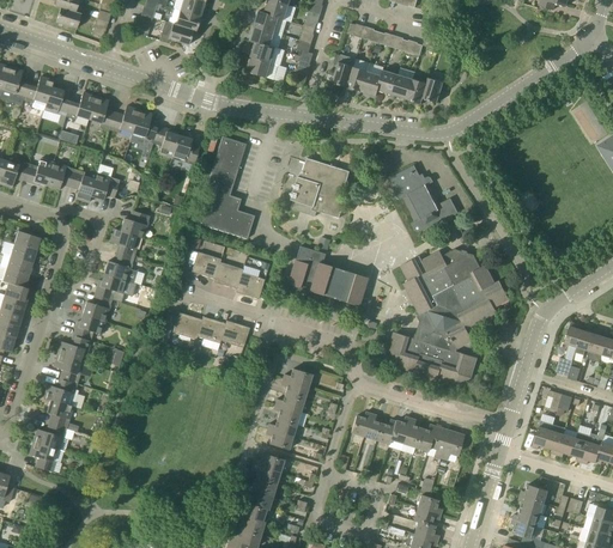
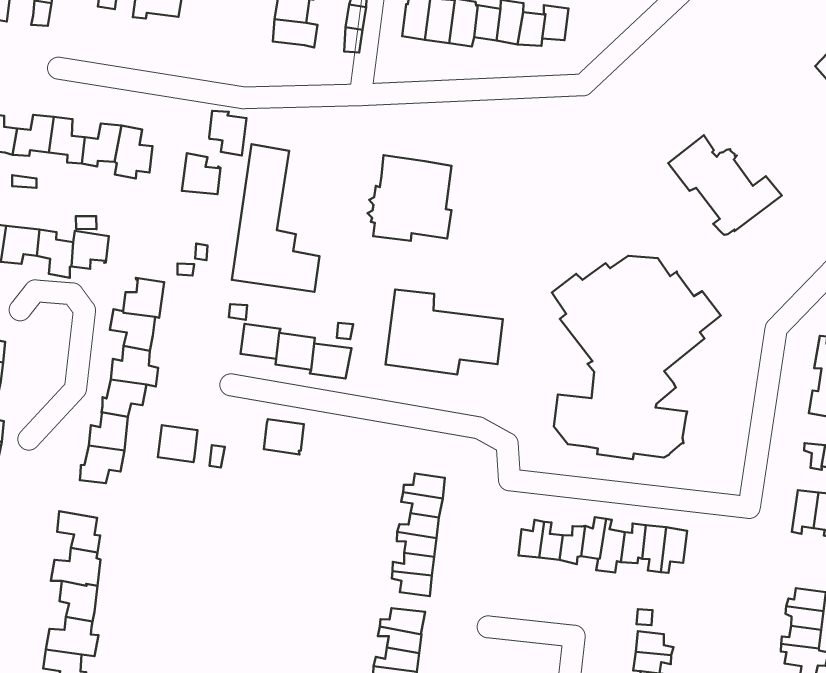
building: [152,126,178,158] -> [209,111,246,156]
building: [388,164,459,231] -> [668,135,782,235]
building: [172,311,201,339] -> [158,425,198,462]
building: [220,319,249,347] -> none
building: [56,335,90,361] -> none

